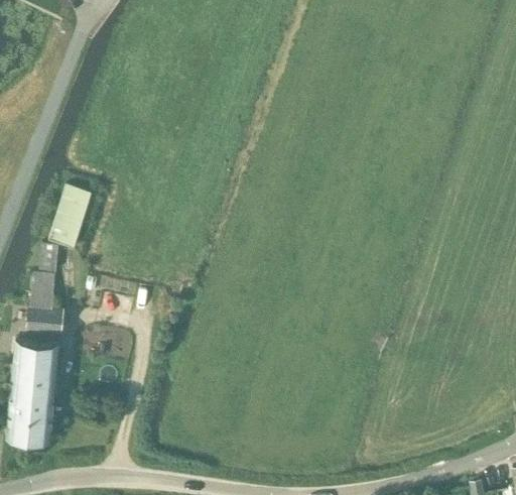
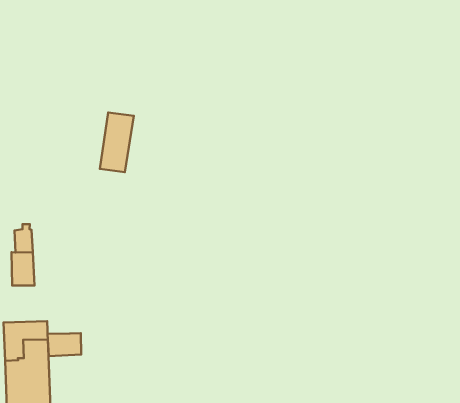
building: [49,187,91,248] -> [100,113,134,172]
building: [28,306,63,332] -> [47,333,81,356]

